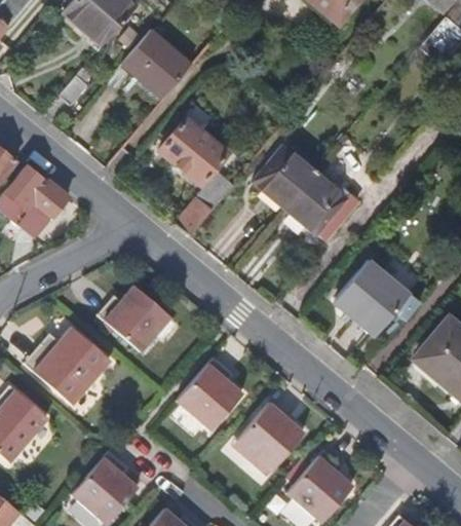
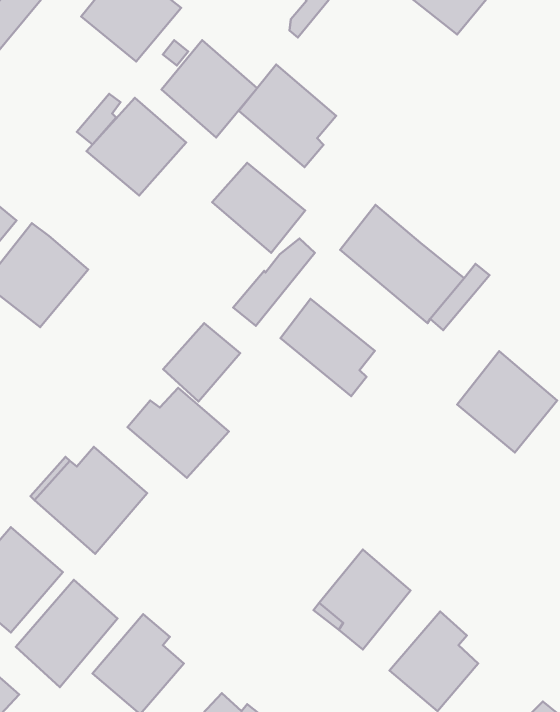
building: none -> [239,65,336,167]
building: none -> [86,98,186,196]
building: none -> [280,299,375,396]
building: none -> [163,323,240,402]
building: [176,356,242,429] -> none
building: none -> [16,580,118,687]

